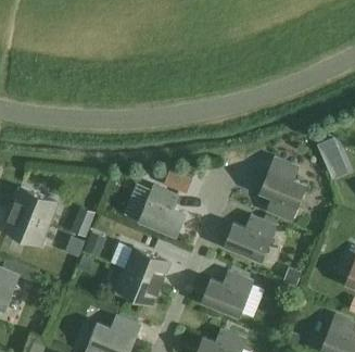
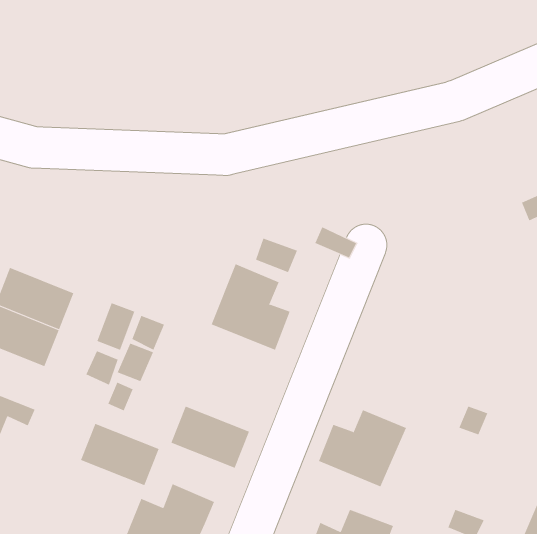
building: [258,158,306,222] -> none
building: [224,216,276,262] -> none
building: [123,248,169,285] -> [80,423,160,486]

